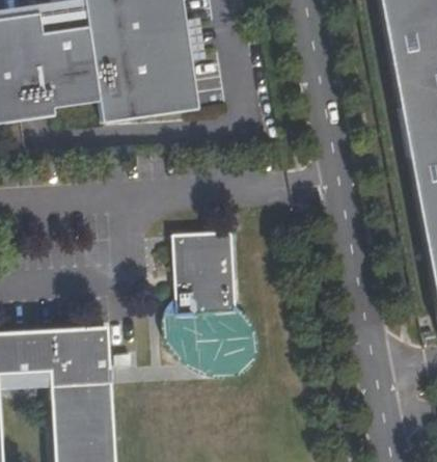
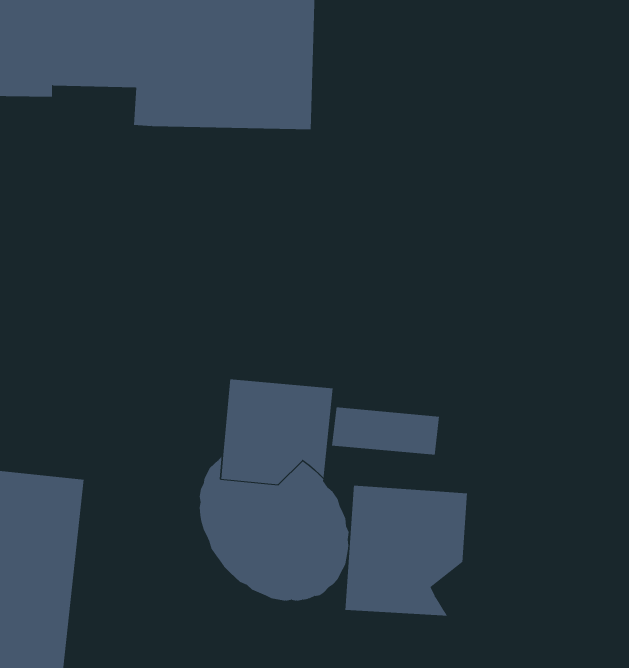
building: [176,228,236,254] -> [331,407,440,455]
building: none -> [345,485,467,616]

